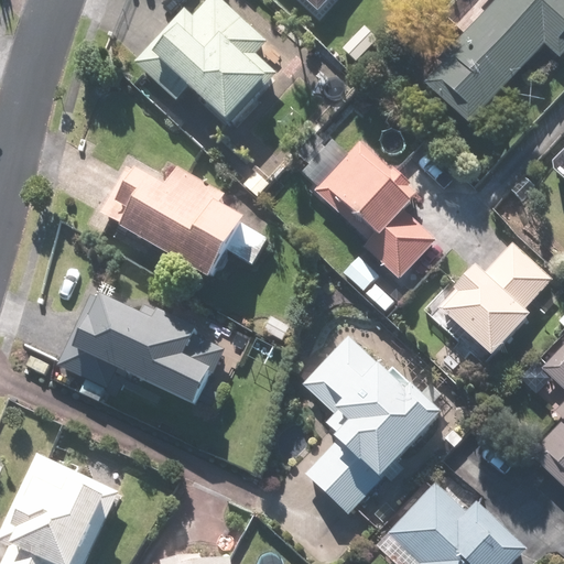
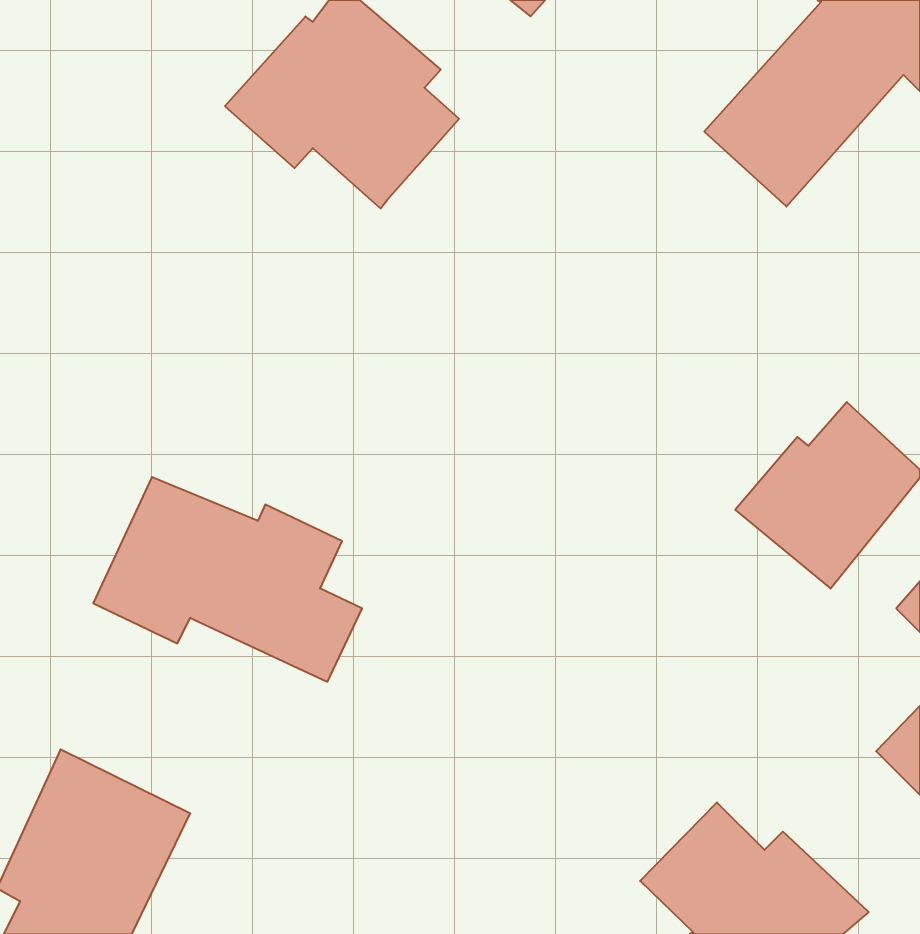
building: [302,135,434,278] -> none
building: [98,159,265,275] -> none
building: [301,335,449,512] -> none

